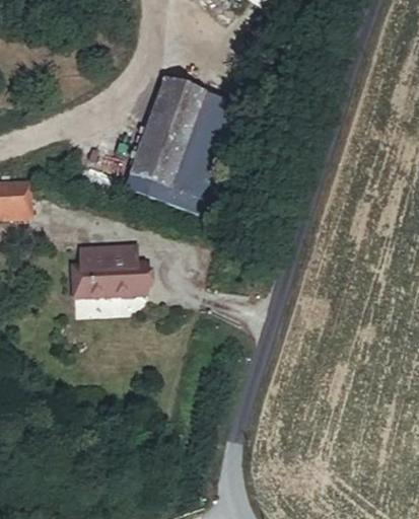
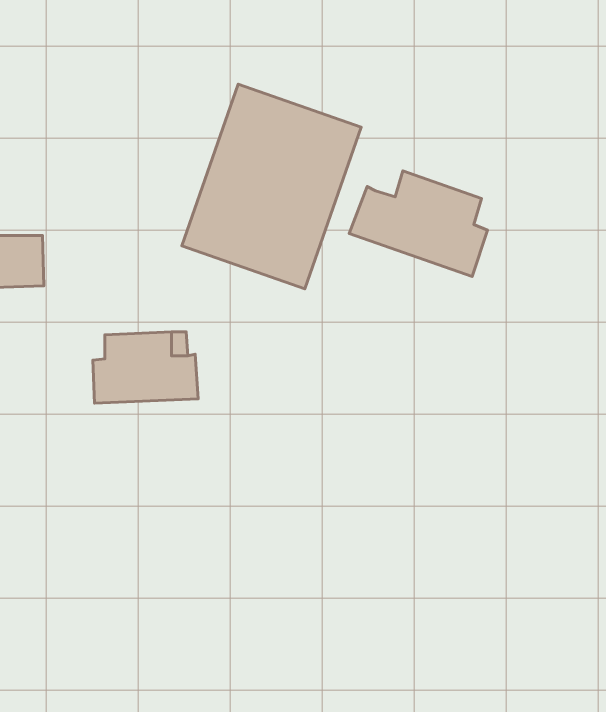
building: none -> [349,171,488,276]

